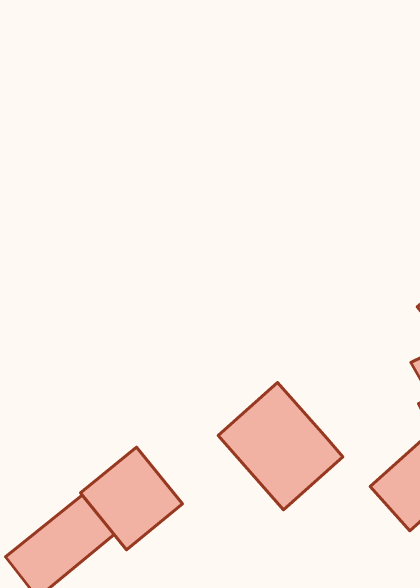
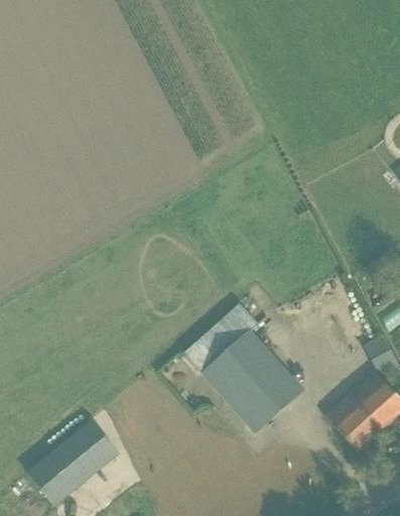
building: none -> [186,302,260,372]
building: [80,447,183,550] -> none

